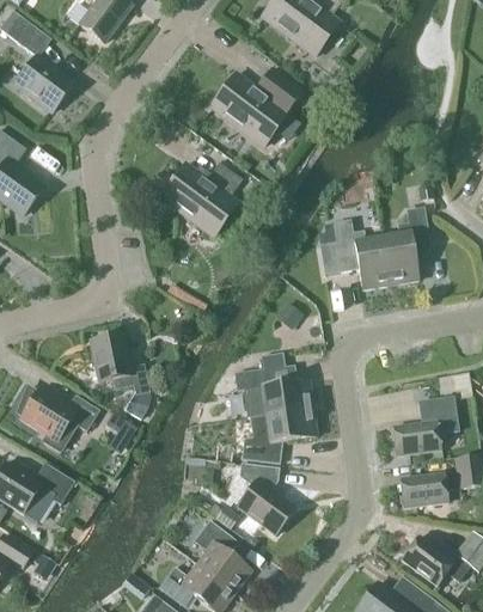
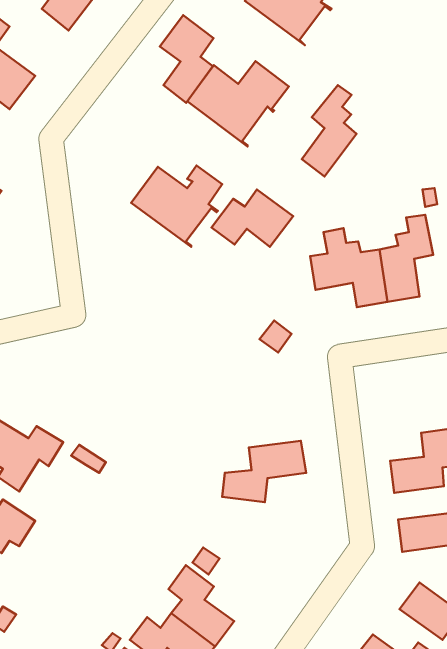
building: none -> [160,15,213,103]
building: none -> [302,85,357,177]
building: none -> [211,189,293,247]
building: [90,332,151,418] -> none
building: [234,353,312,417] -> none
building: [237,463,295,534] -> none

